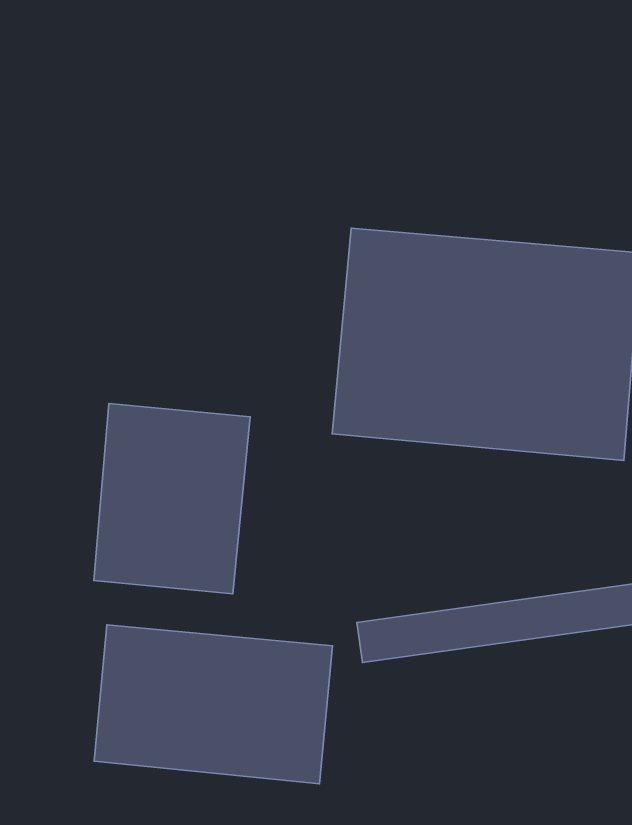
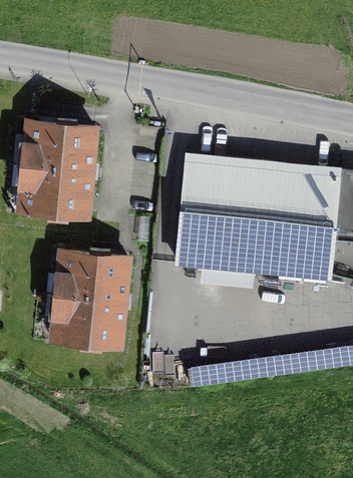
building: none -> [17,121,97,218]
building: [94,625,333,784] -> none

